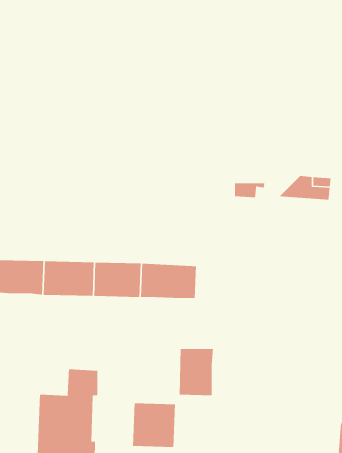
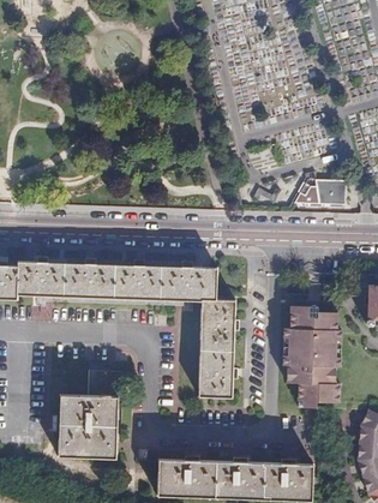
building: none -> [200,300,235,349]
building: none -> [282,306,342,408]
building: [132,402,176,448] -> none

